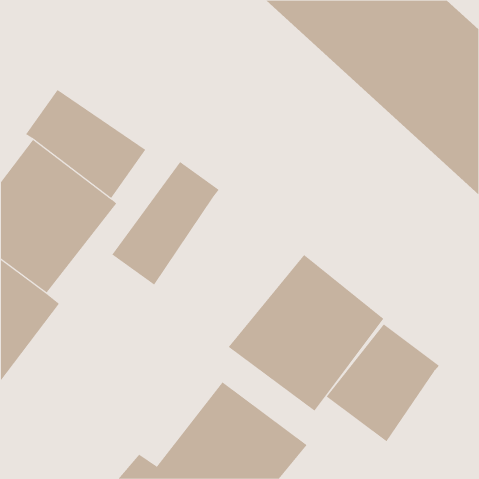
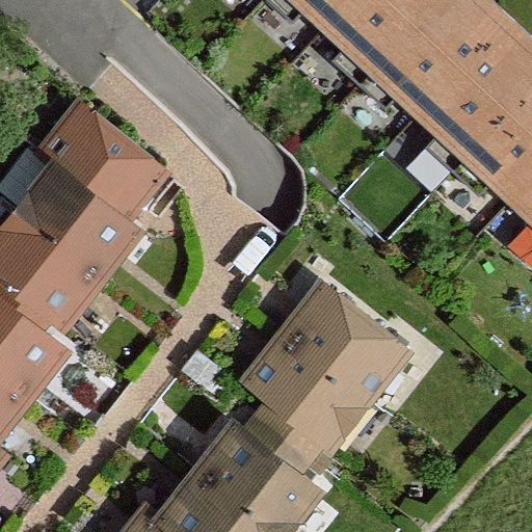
building: [111,161,220,285] -> none
building: [326,323,440,442] -> none

